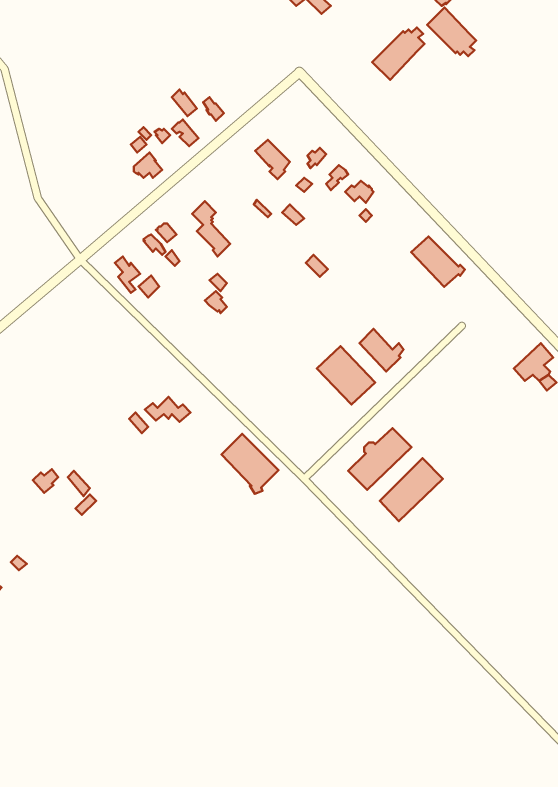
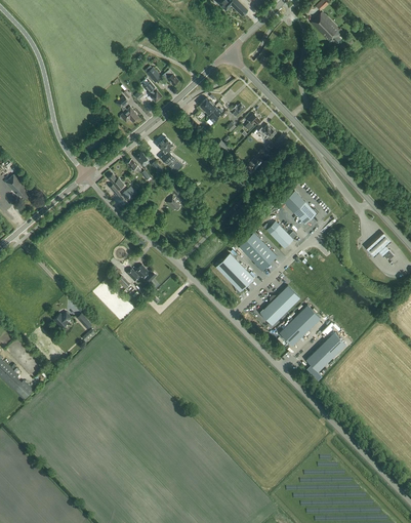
building: [372,27,425,80] -> none
building: [411,236,465,287] -> [283,191,318,224]
building: [222,434,278,494] -> [216,253,253,292]
building: none -> [305,331,345,371]

